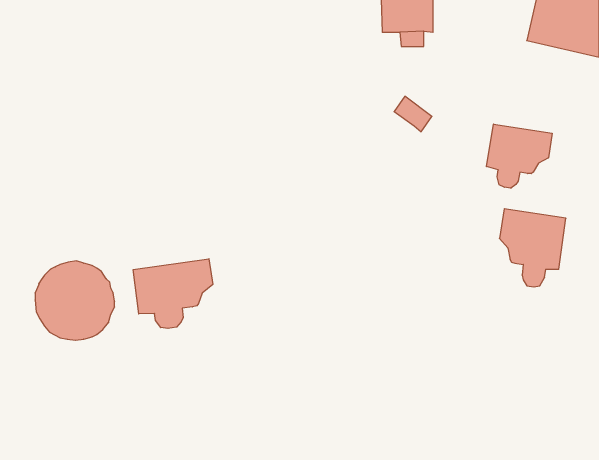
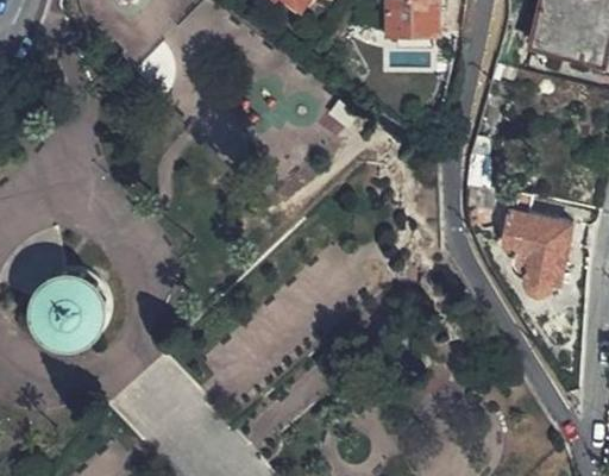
building: [486,124,552,188] -> none
building: [133,259,213,328] -> none

